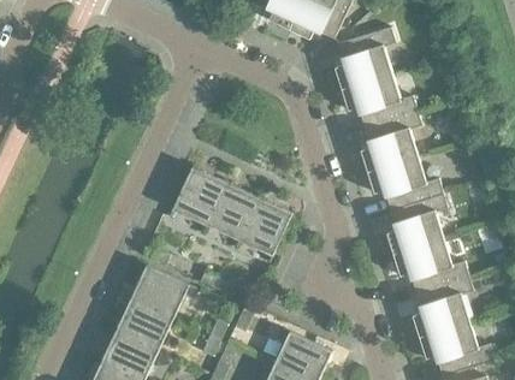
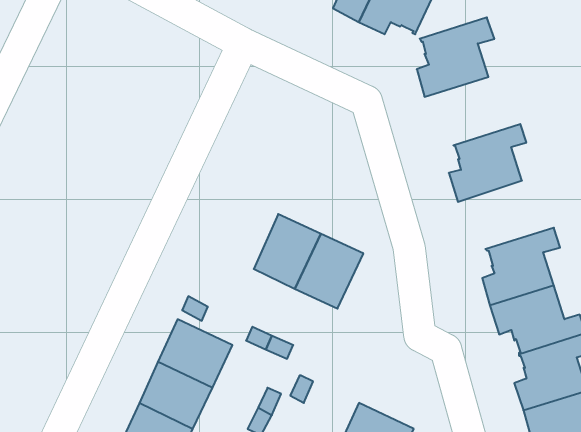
building: [341,73,416,127] -> none
building: [367,155,443,209] -> none
building: [172,166,225,225] -> none

